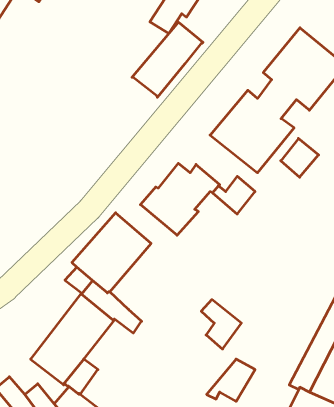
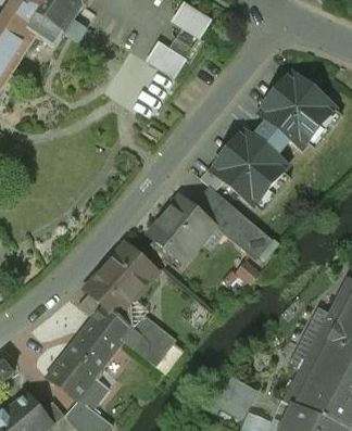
building: [132,22,203,97] -> none
building: [281,138,319,177] -> [236,221,271,257]
building: none -> [198,185,236,221]
building: [201,300,241,349] -> [136,319,173,365]

